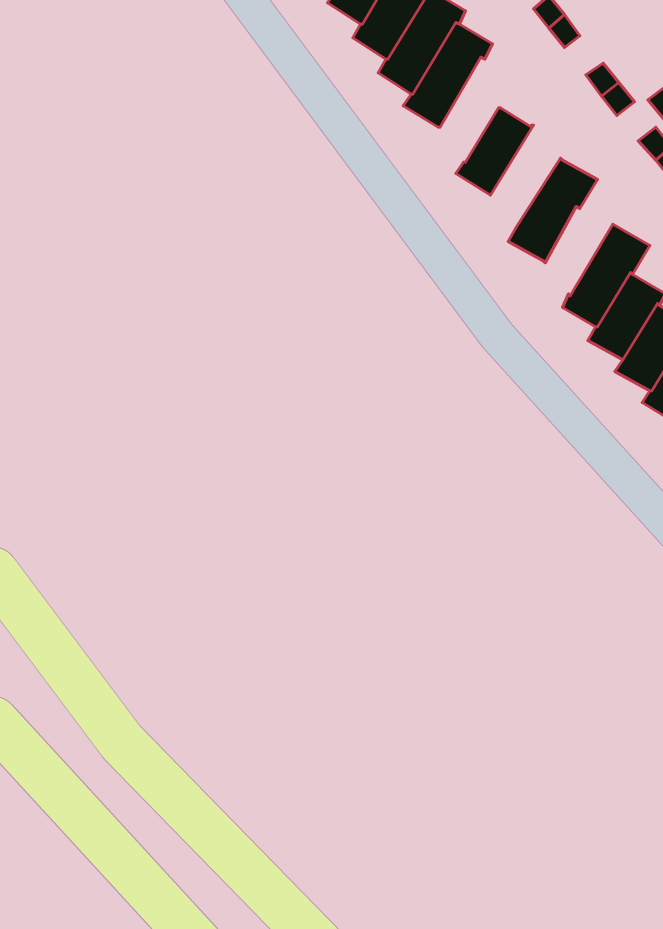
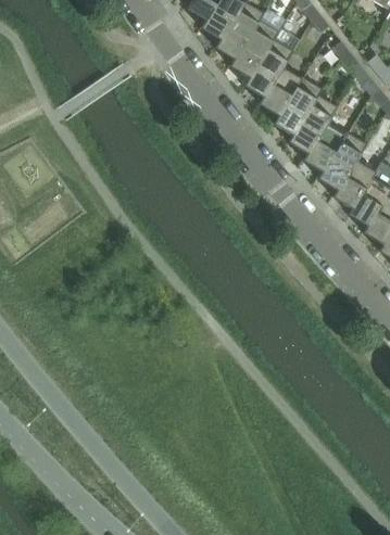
building: none -> [243,39,293,98]
building: none -> [274,77,323,135]
building: none -> [303,123,347,173]

